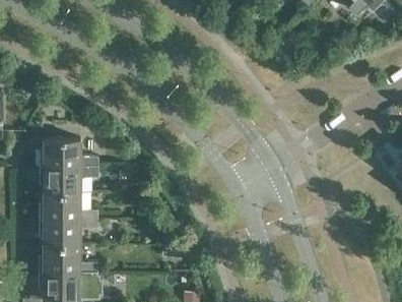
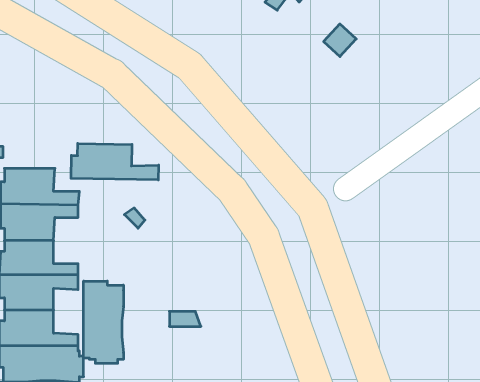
building: none -> [71,143,159,180]
building: none -> [84,281,123,363]

